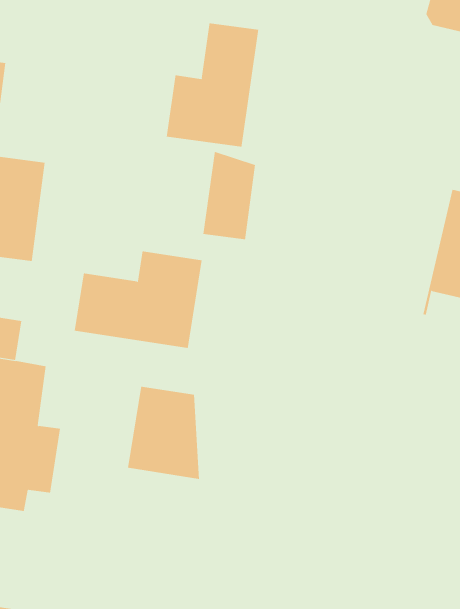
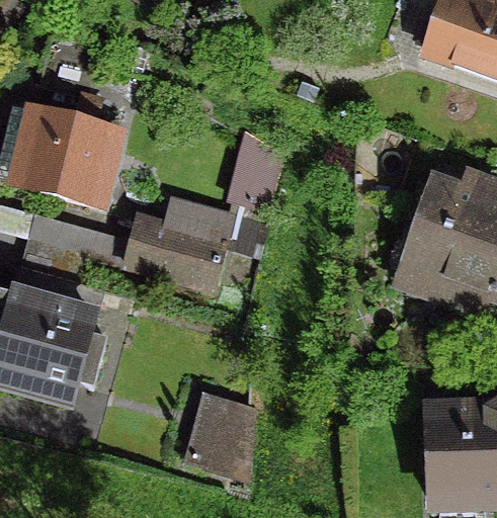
building: [166,23,259,148] -> none
building: [127,386,200,480] -> [187,398,246,476]

